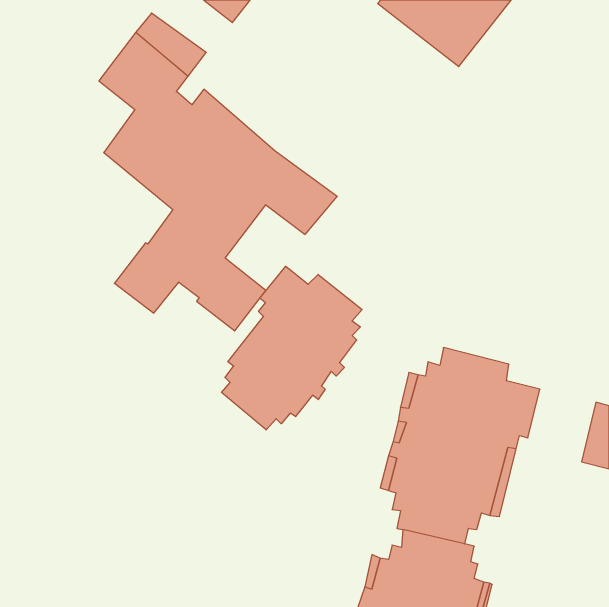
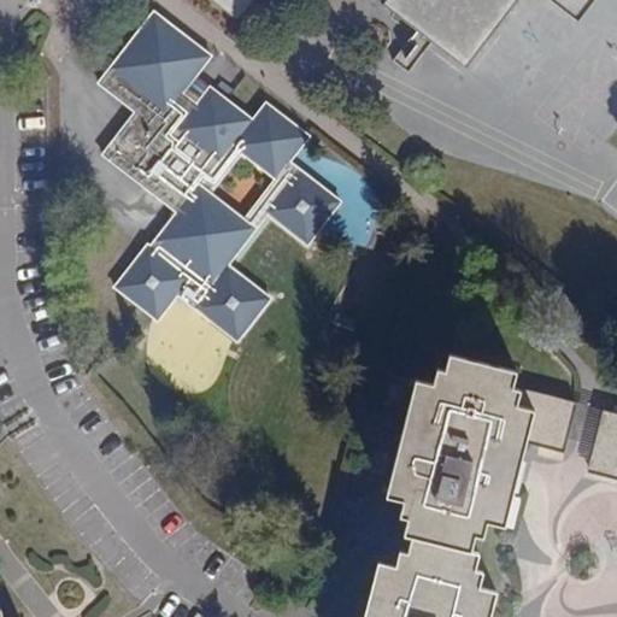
building: none -> [206,84,341,200]
building: [222,266,362,430] -> none
building: none -> [534,395,576,453]

